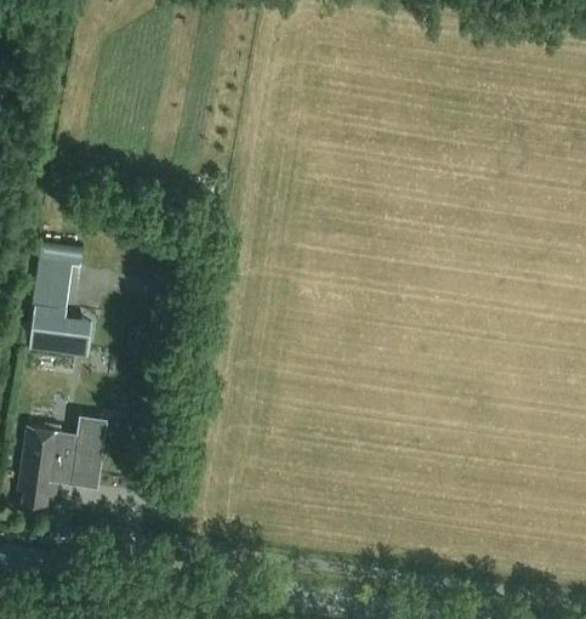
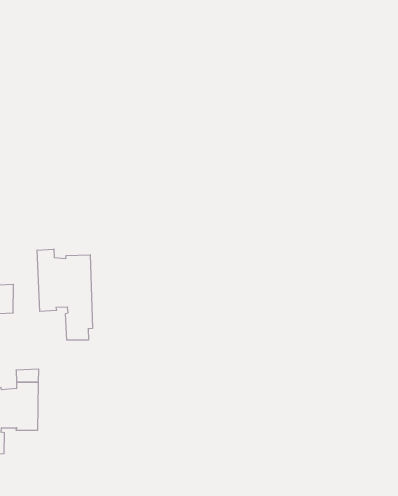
building: none -> [37,249,92,340]

